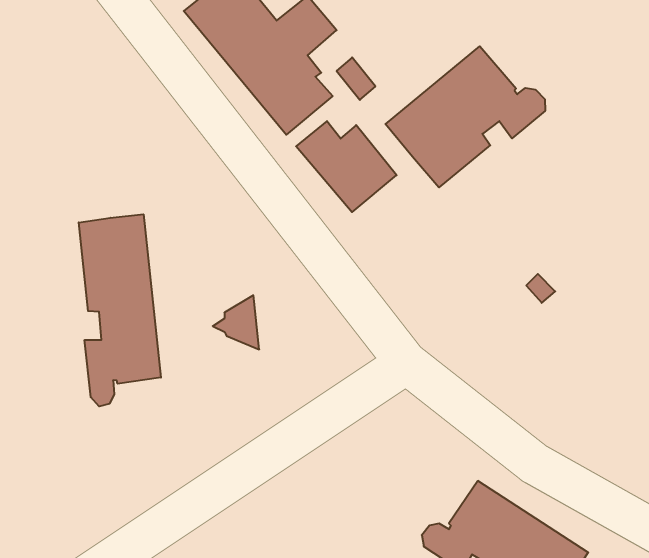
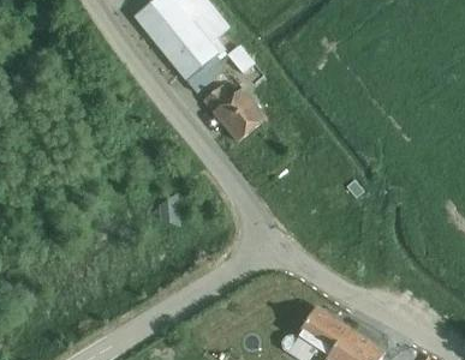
building: [385,46,545,187] -> none
building: [79,214,161,406] -> none

